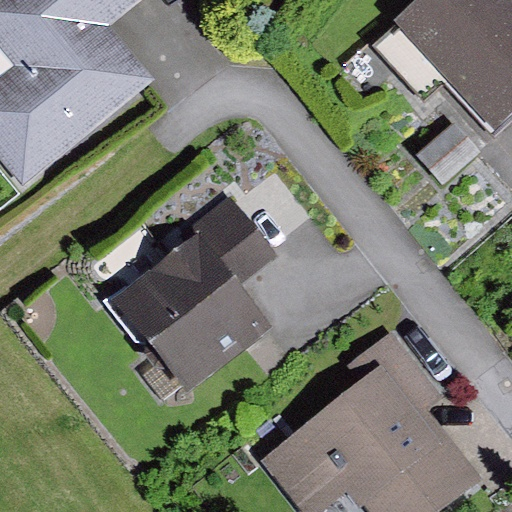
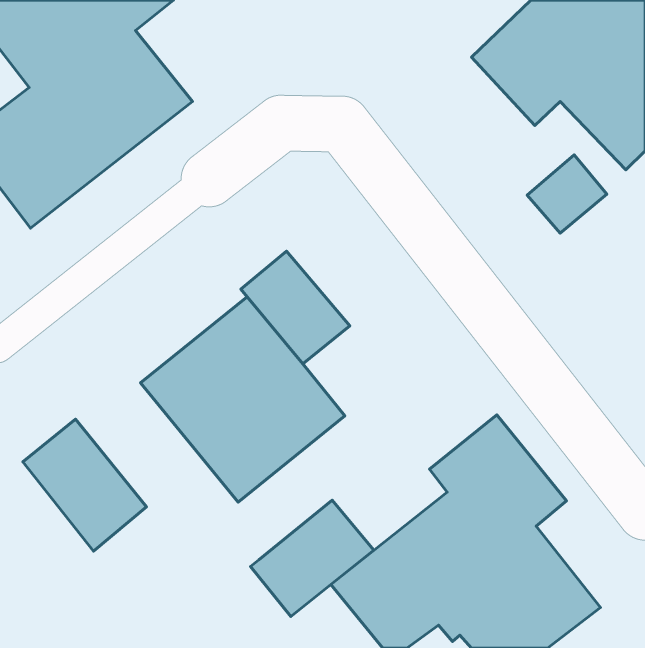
building: none -> [23,419,147,551]
building: none -> [251,500,374,616]

